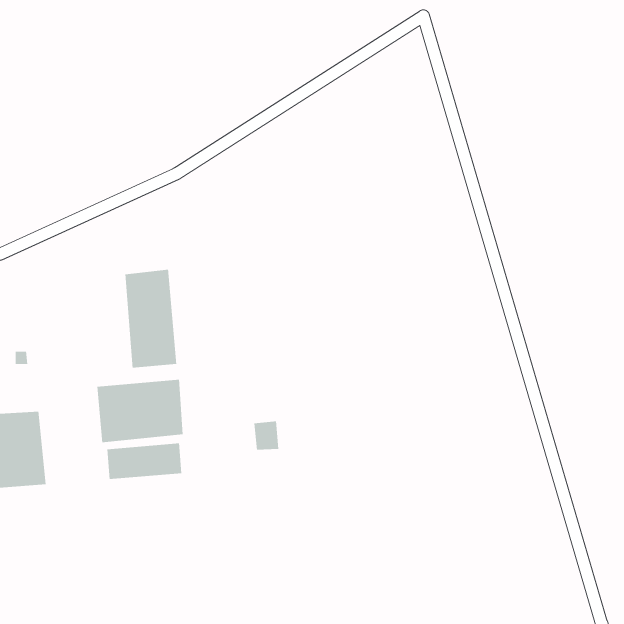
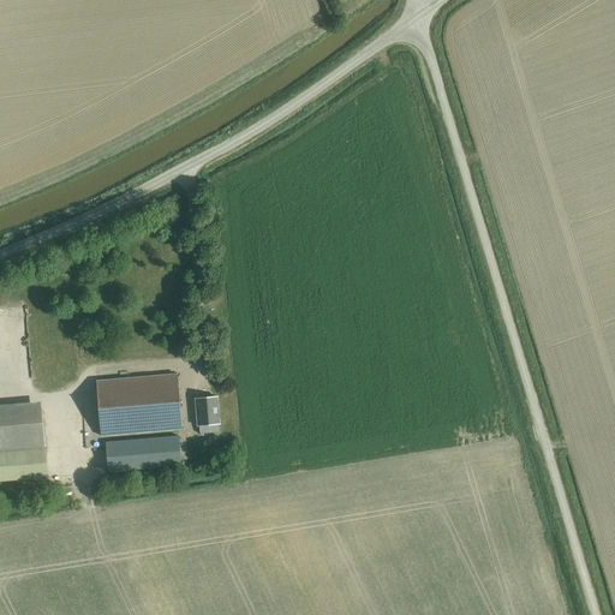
building: [125,269,177,368] -> none
building: [254,421,279,450] -> [193,395,219,424]

